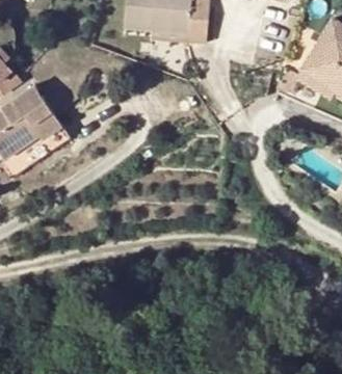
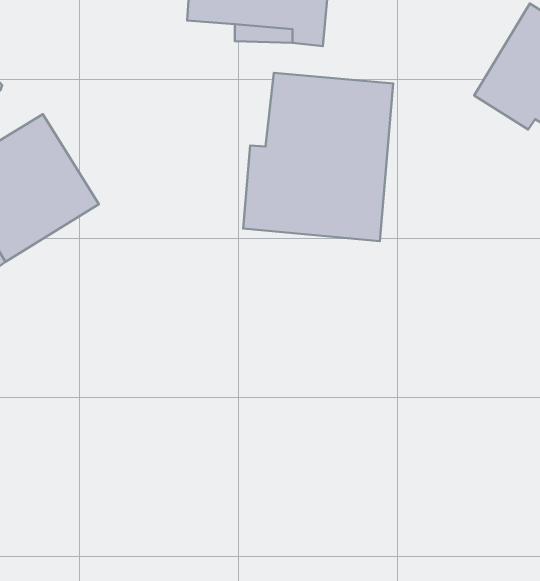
building: none -> [243,73,393,241]

